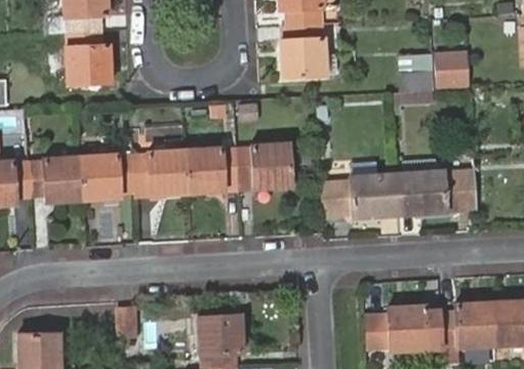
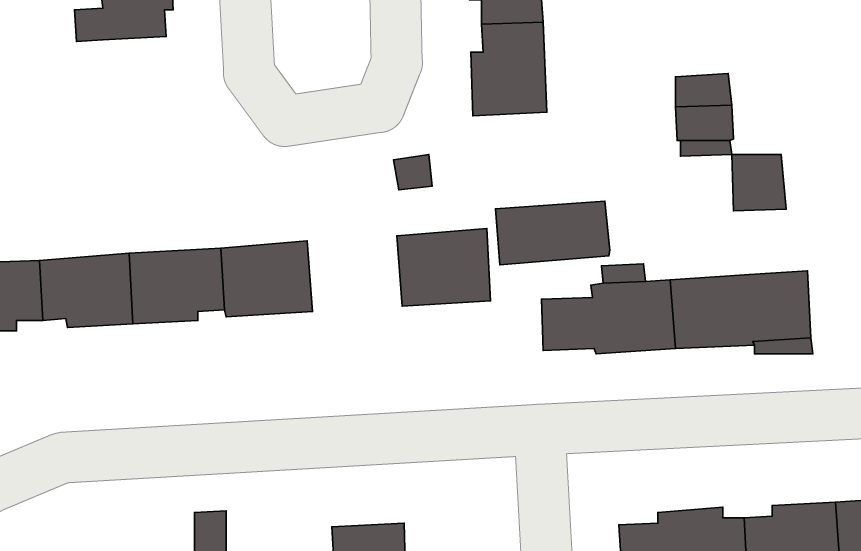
building: [66,32,111,84] -> none
building: [436,53,468,86] -> [732,155,786,211]
building: none -> [495,201,610,265]
building: [185,148,240,192] -> none

